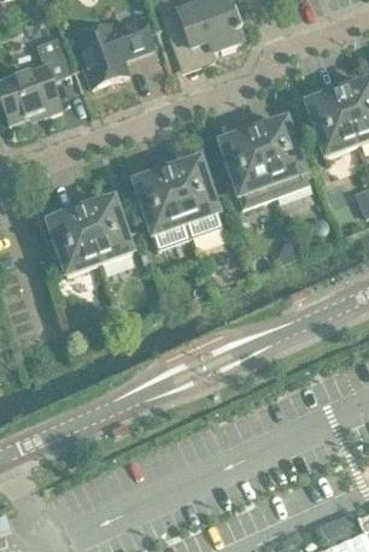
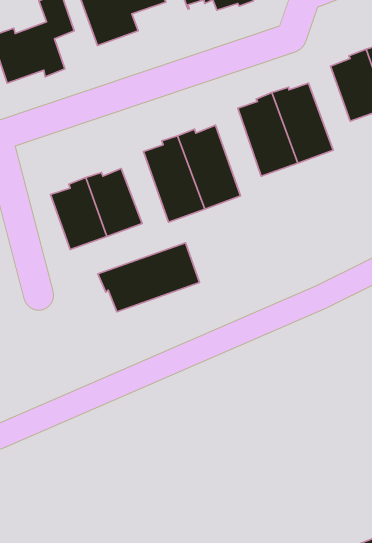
building: none -> [98,243,200,312]

